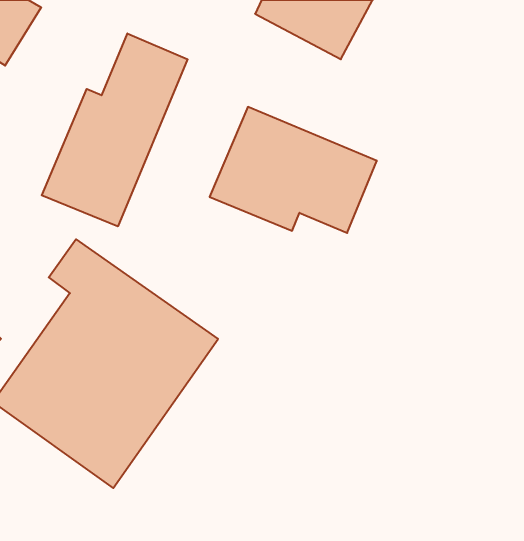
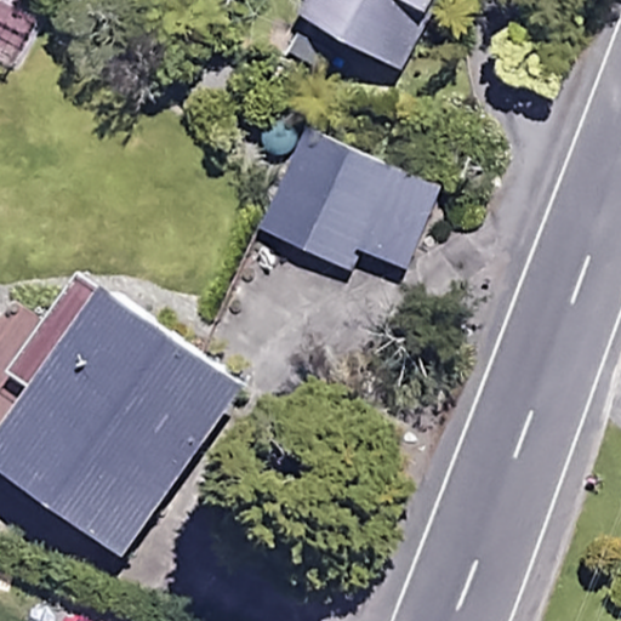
building: [42,33,188,226] -> none

